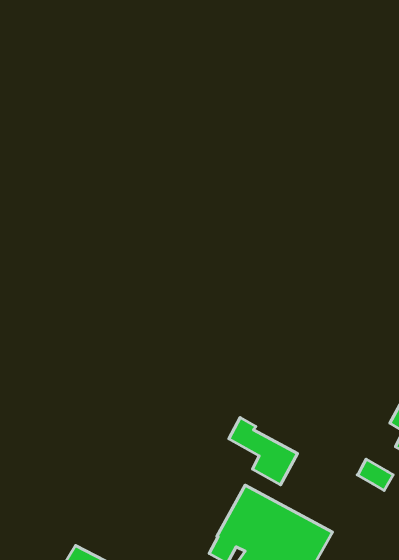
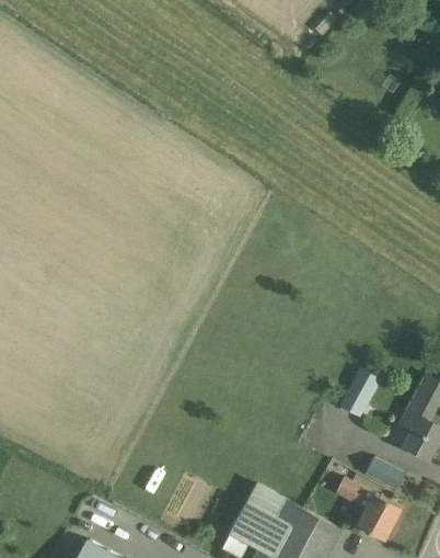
building: none -> [337,371,378,418]
building: [229,418,297,485] -> [334,474,401,539]

